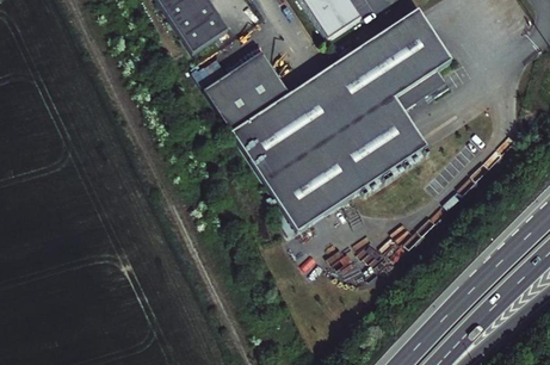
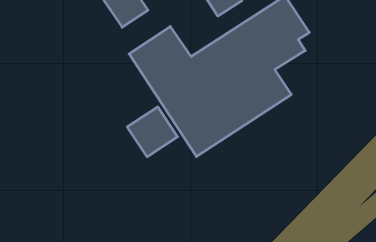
building: none -> [127,107,178,157]

